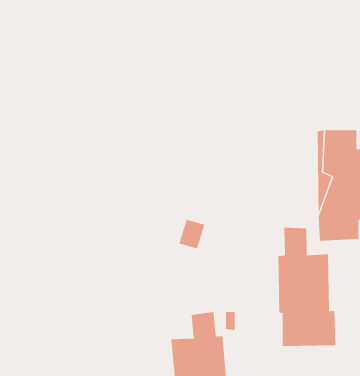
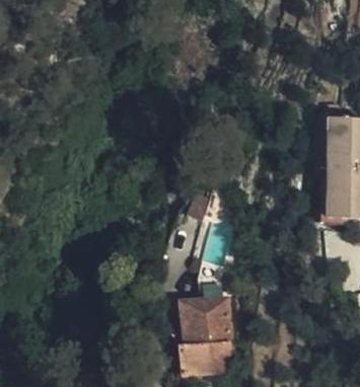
building: [278,227,336,347] -> none

